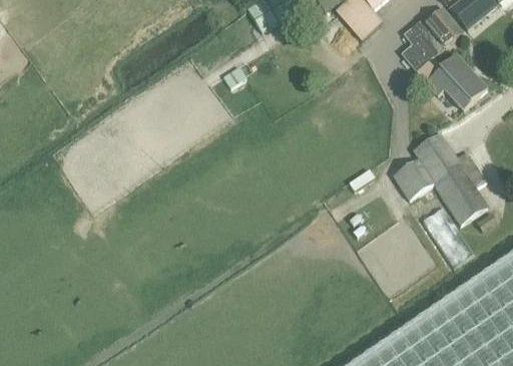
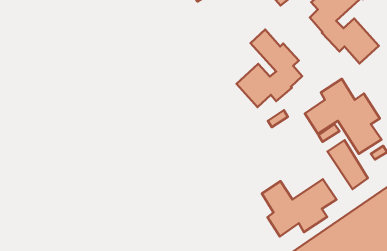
building: none -> [236,30,302,107]
building: none -> [262,179,336,236]

